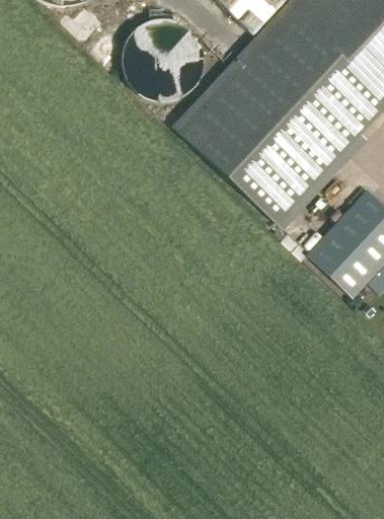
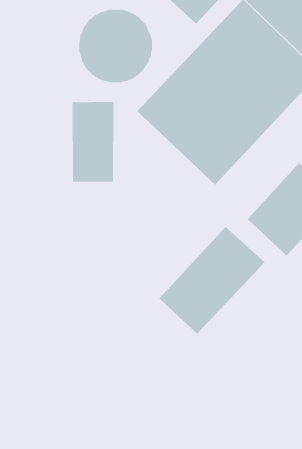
building: none -> [72,101,114,182]
building: none -> [159,226,265,335]

